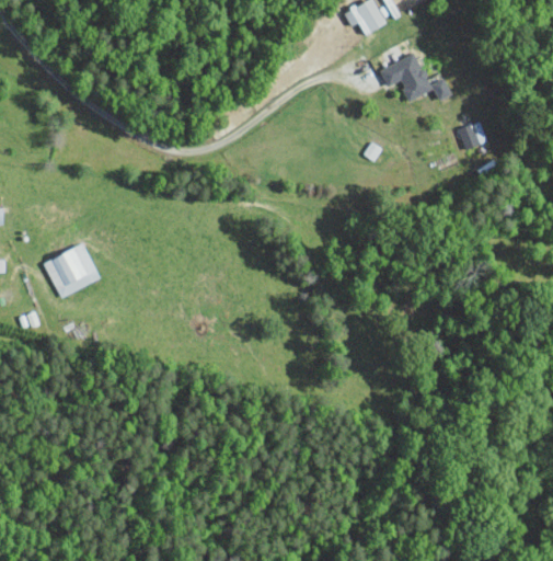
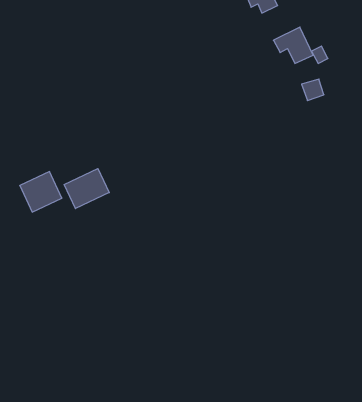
building: [458,122,487,150] -> [302,79,324,101]
building: none -> [64,169,109,209]

